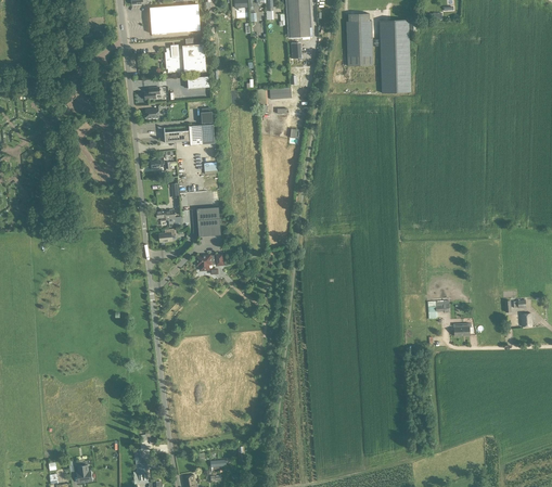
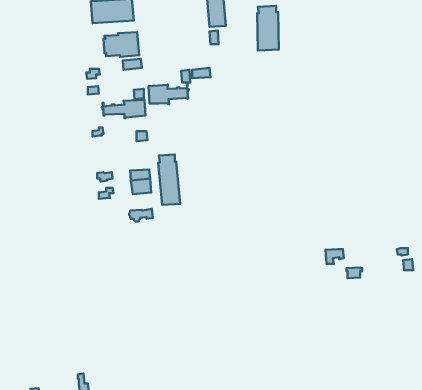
building: [378,18,410,92] -> none
building: none -> [148,84,189,104]
building: none -> [158,154,180,205]

